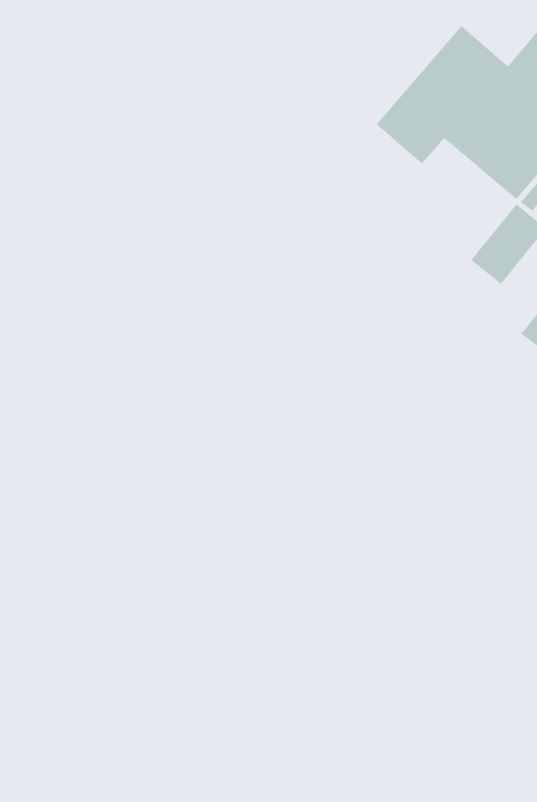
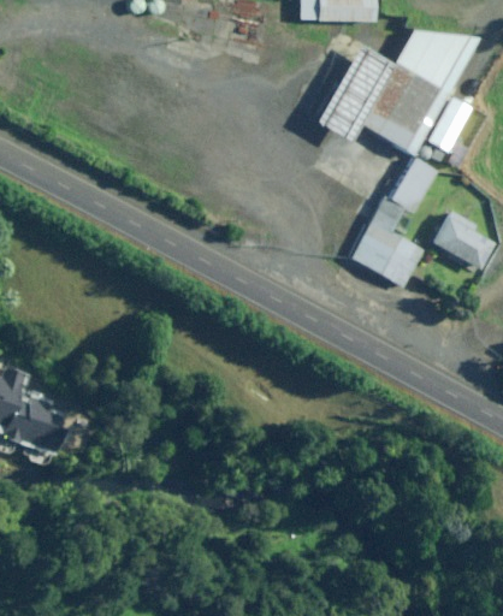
building: none -> [349,199,425,288]

